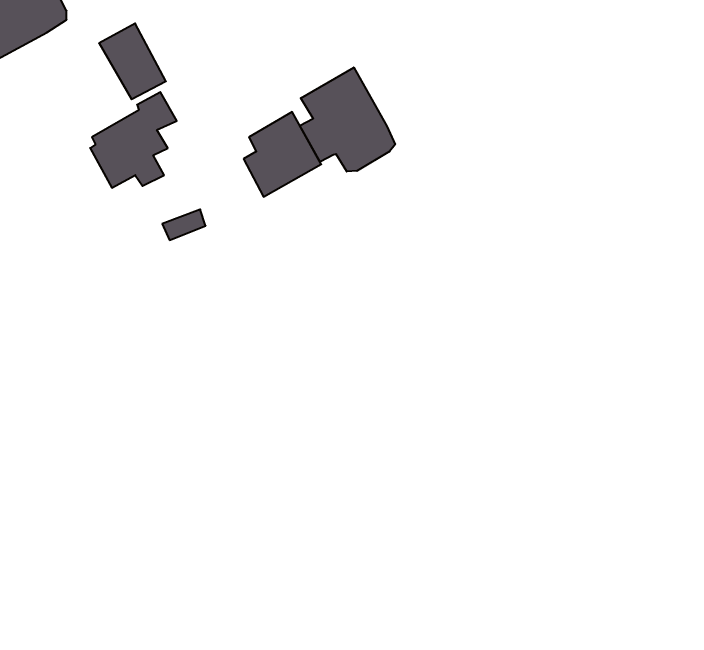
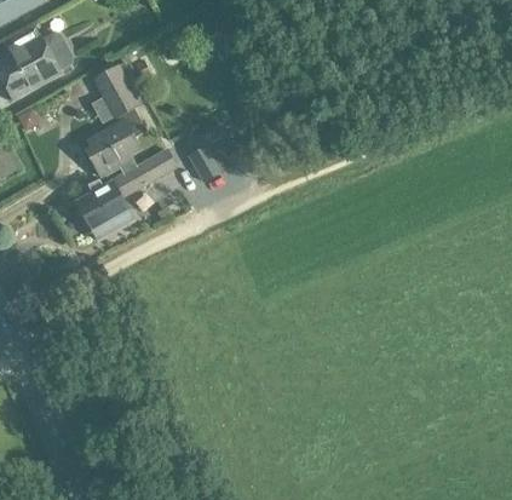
building: [300,67,395,172] -> none
building: none -> [74,150,173,240]

